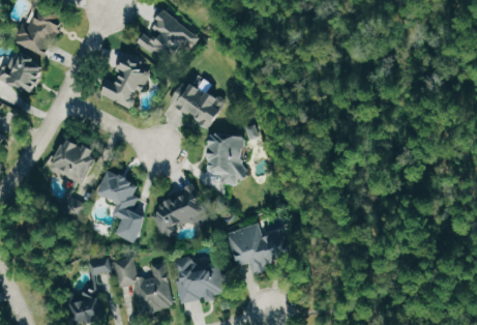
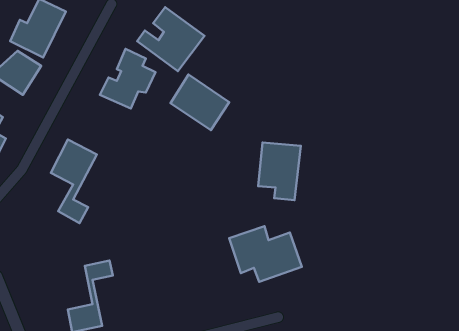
building: [205,132,246,188] -> [258,142,301,200]
building: [96,171,146,242] -> none
building: [151,186,205,240] -> none
building: [113,258,174,315] -> none
building: [174,258,223,301] -> none

